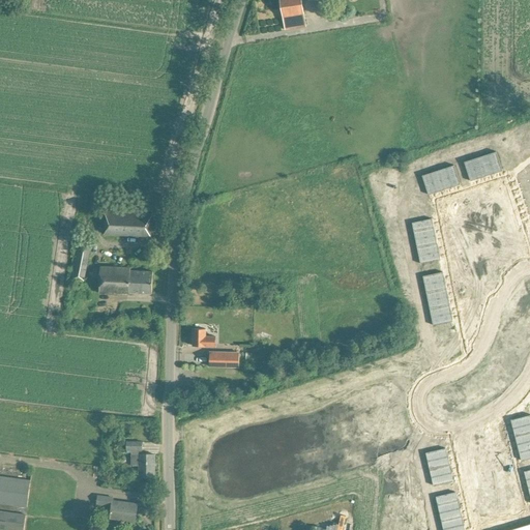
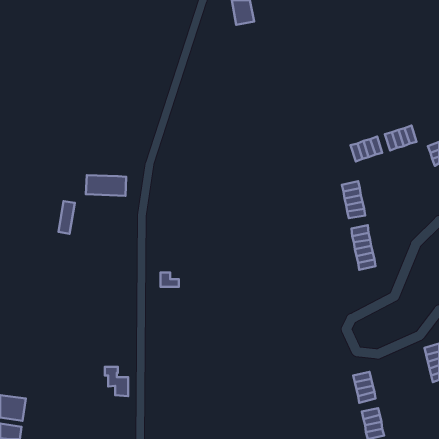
building: [99,267,153,294] -> none
building: [209,352,239,367] -> none
building: [96,496,138,522] -> none

